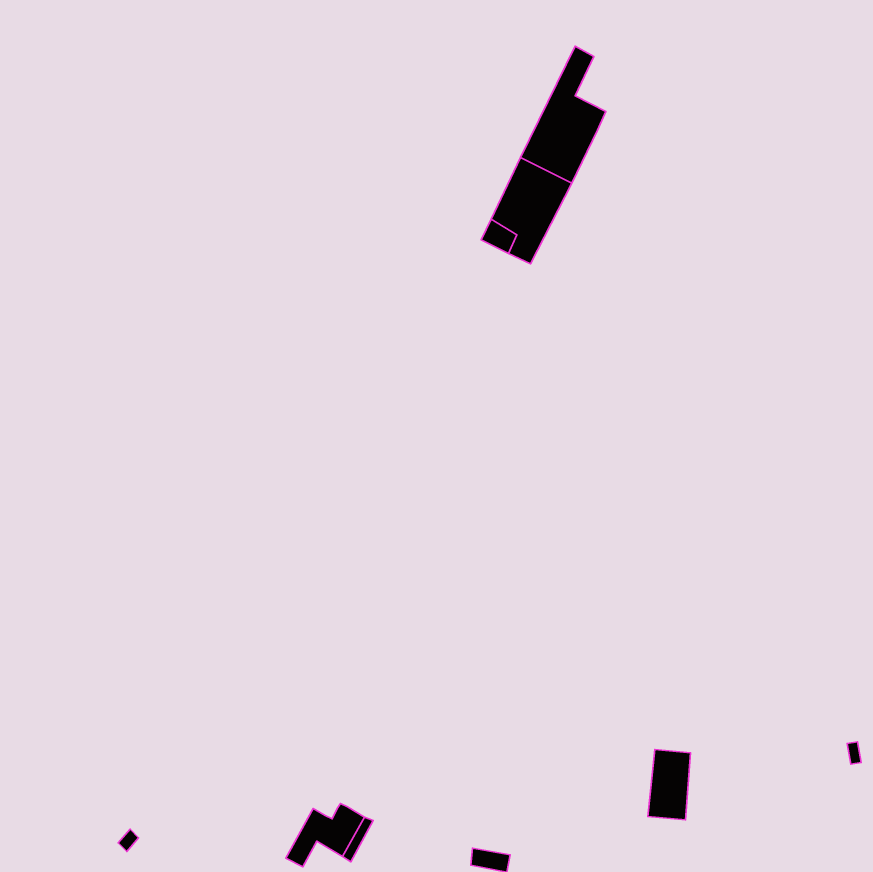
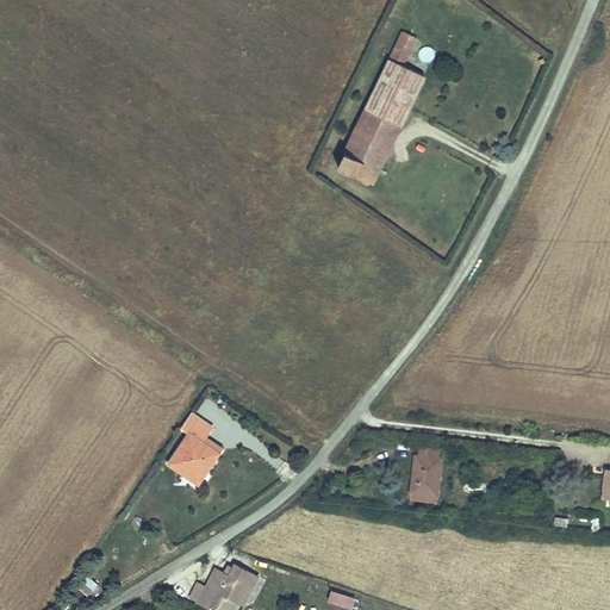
building: none -> [163,417,214,488]
building: [648,750,691,820] -> [412,448,442,497]

